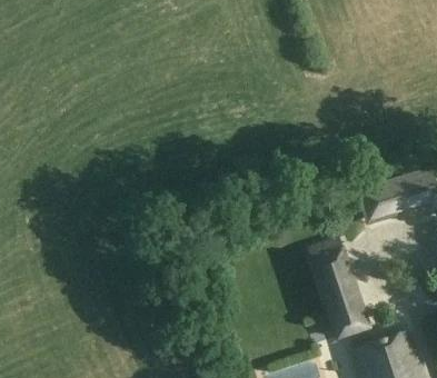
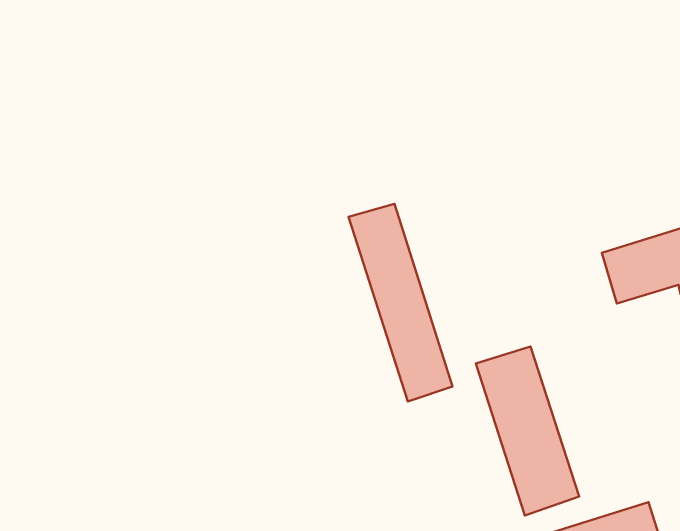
building: none -> [348,204,453,401]

